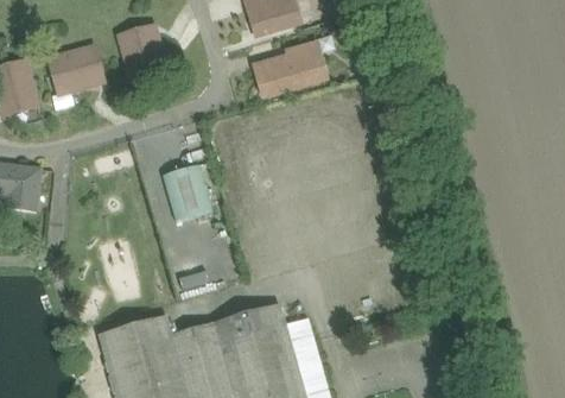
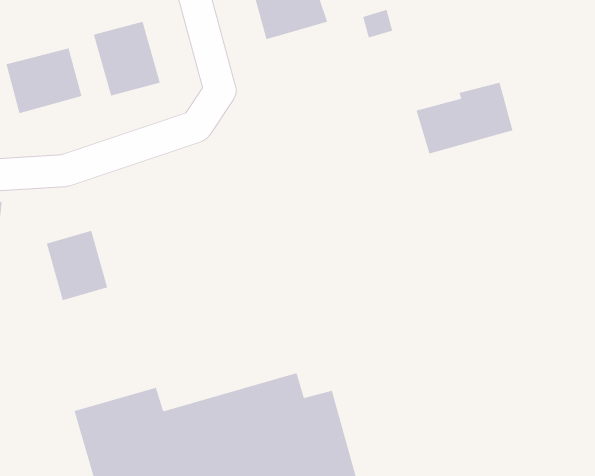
building: [250,40,329,99] -> [416,82,513,155]
building: [163,164,212,221] -> [46,230,108,301]

